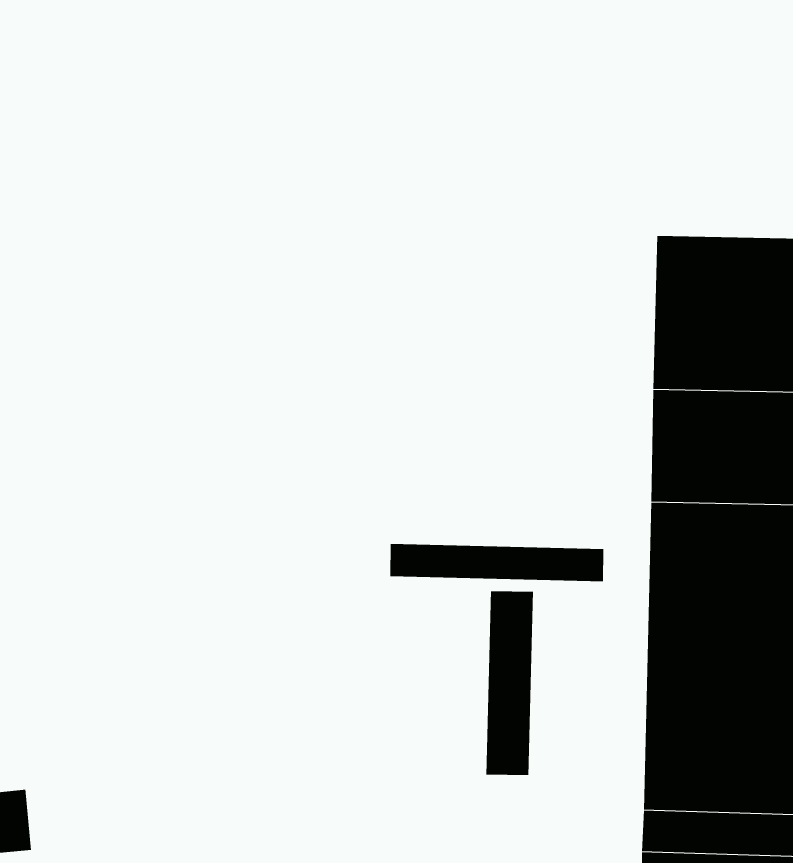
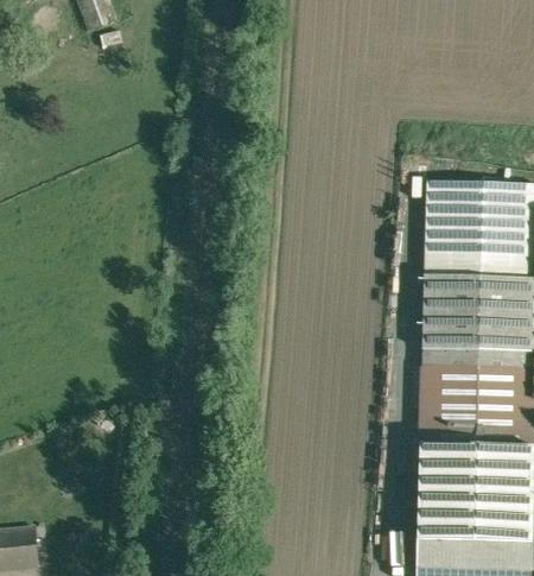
building: [390,543,604,582] -> none
building: [486,591,533,776] -> none

